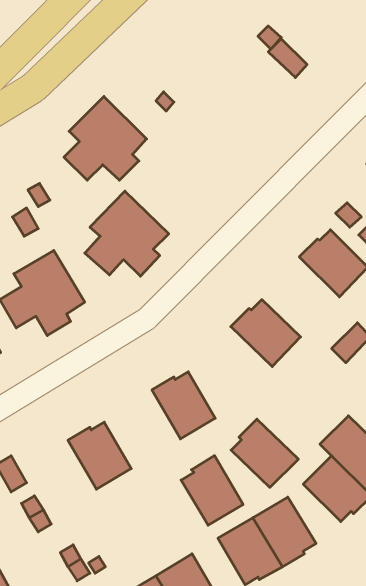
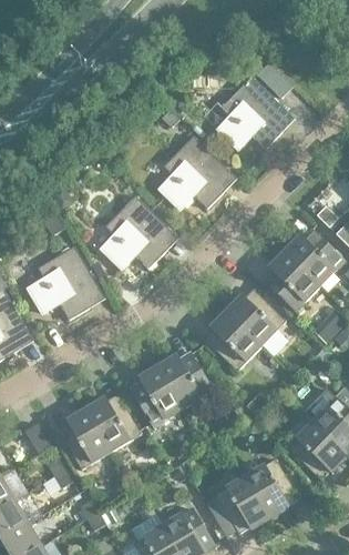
building: none -> [217,77,289,149]
building: [64,96,147,180] -> [160,137,230,209]
building: none -> [263,252,319,311]
building: [231,419,298,487] -> [204,312,261,371]
building: none -> [58,410,111,470]
building: [181,456,243,525] -> [130,366,183,426]

